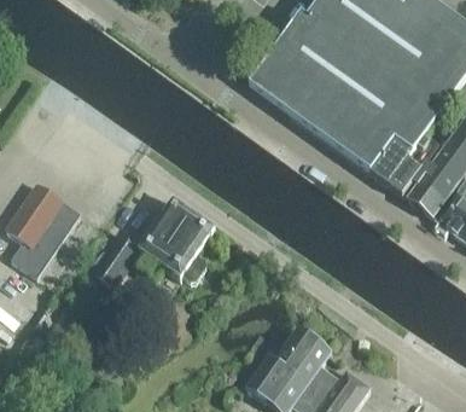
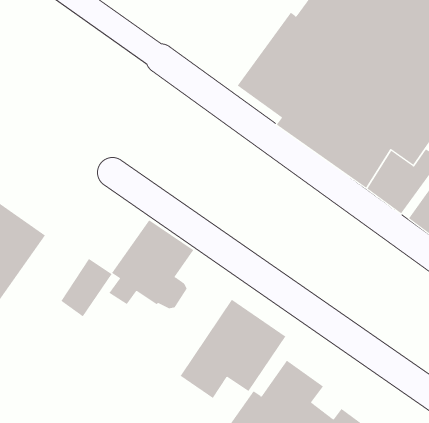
building: none -> [180,299,286,399]

